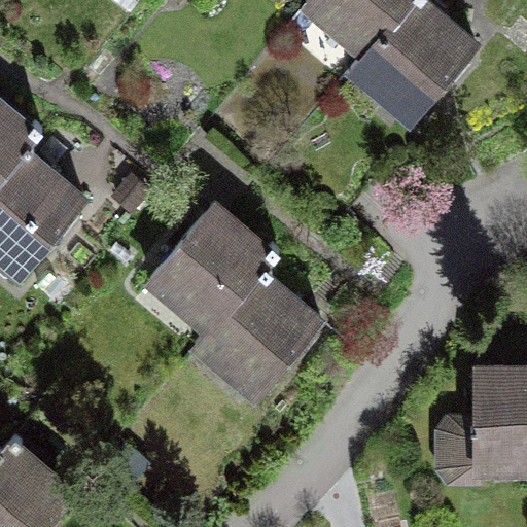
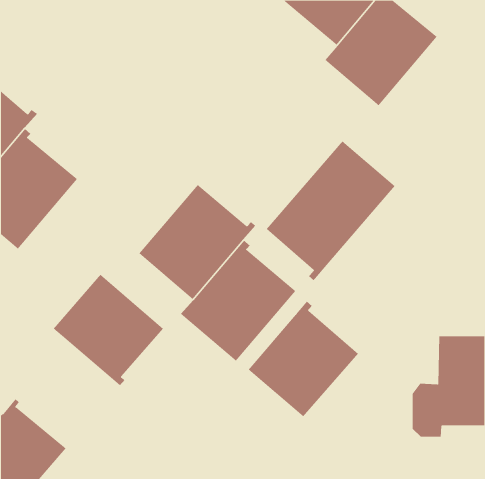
building: none -> [266,140,395,281]
building: none -> [53,274,164,386]
building: none -> [248,301,359,417]

